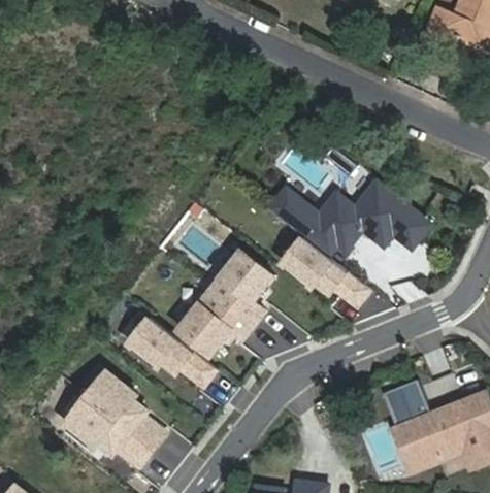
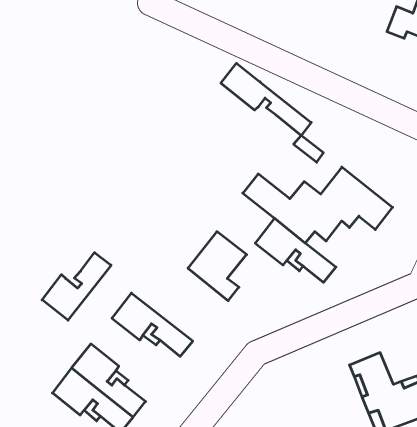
building: none -> [221,63,311,135]
building: none -> [42,253,111,320]
building: [178,288,253,353] -> none

